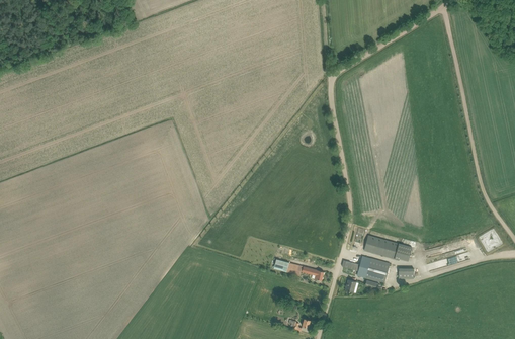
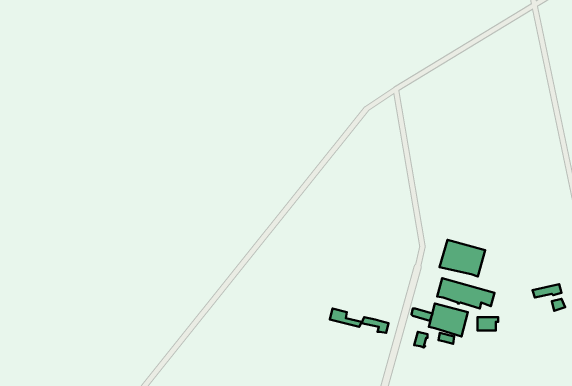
building: none -> [440,240,485,276]

